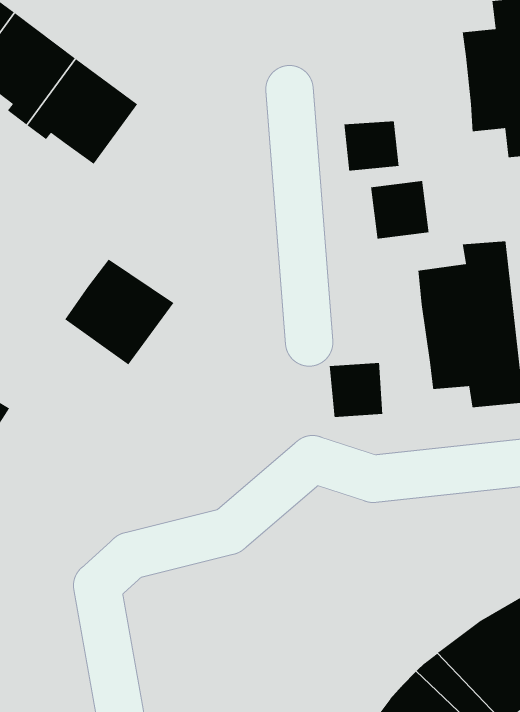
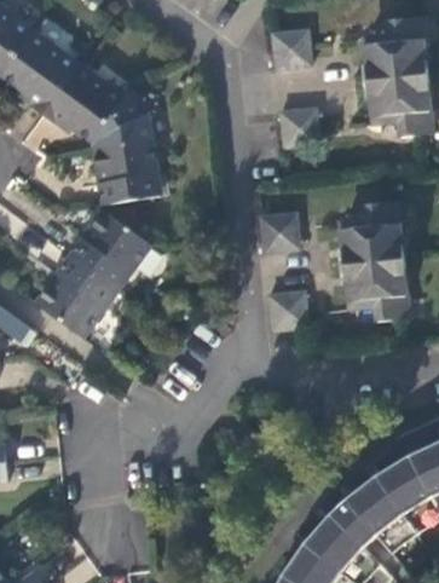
building: none -> [270,27,310,67]
building: none -> [93,90,162,204]
building: [370,180,429,239] -> [256,206,300,249]
building: none -> [36,254,119,336]

